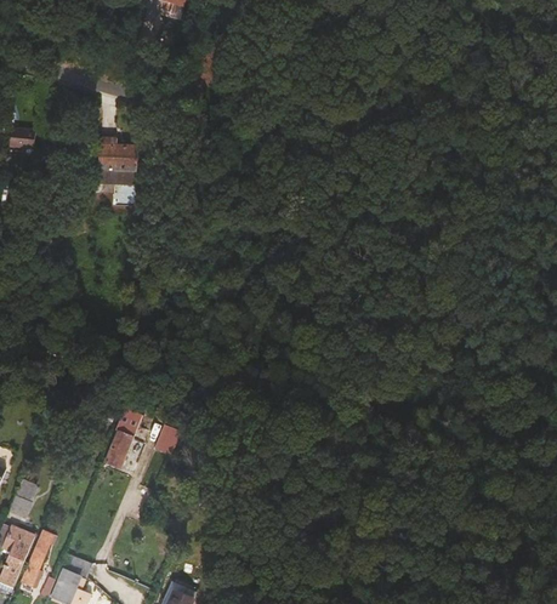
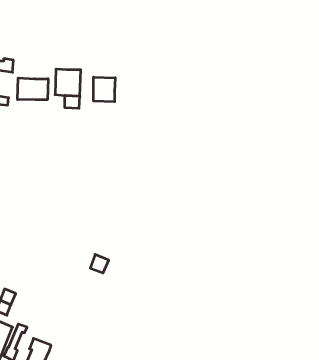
building: none -> [93,77,115,102]
building: none -> [18,78,48,100]
building: [104,406,142,467] -> none

